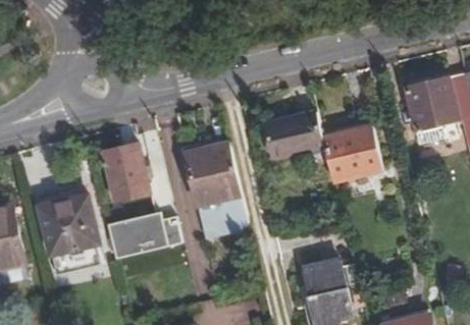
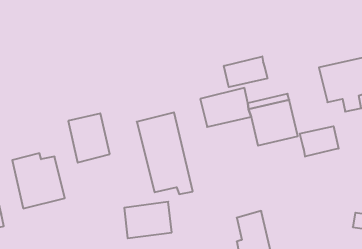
building: none -> [224,56,267,87]
building: none -> [300,126,339,157]
building: [113,213,170,257] -> [124,202,172,238]

